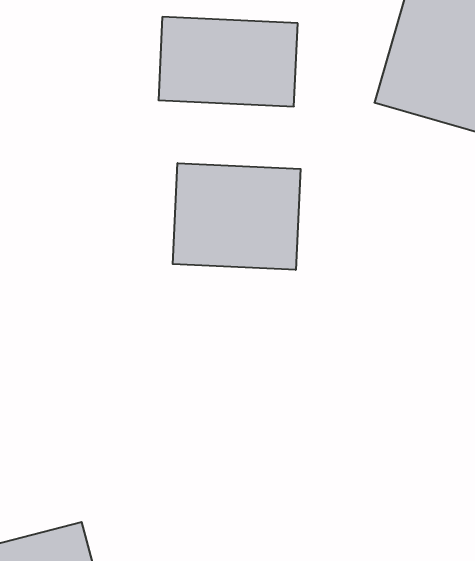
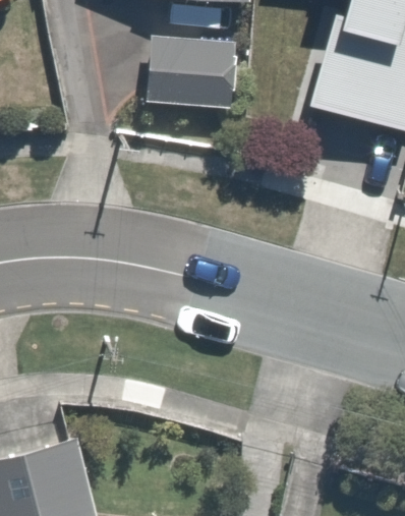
building: [173,163,301,270] -> none

